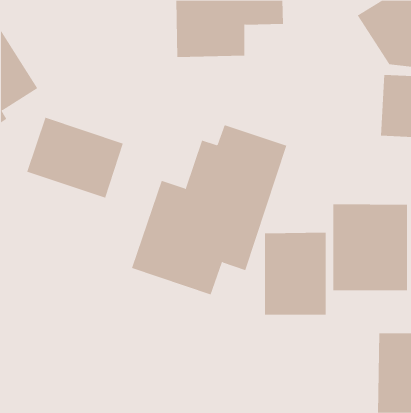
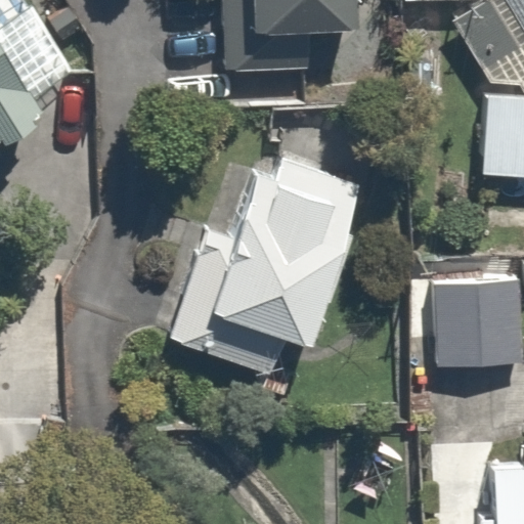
building: [27,117,123,198] -> none
building: [265,232,326,315] -> none

